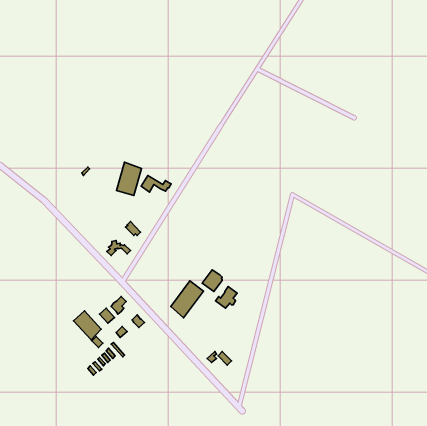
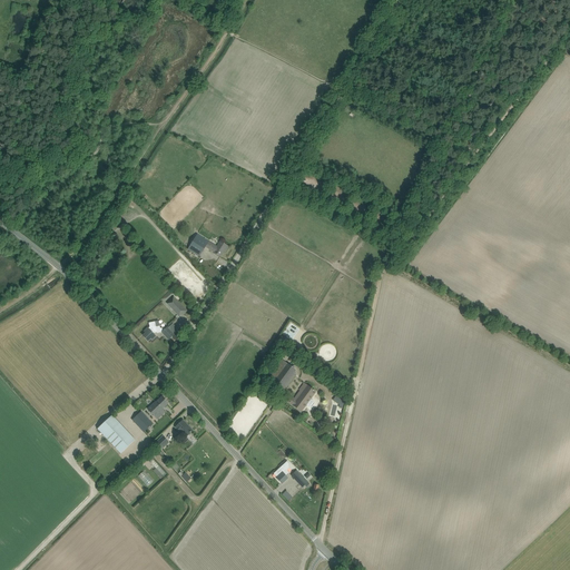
building: [116,162,141,196] -> none
building: [171,281,204,318] -> none

